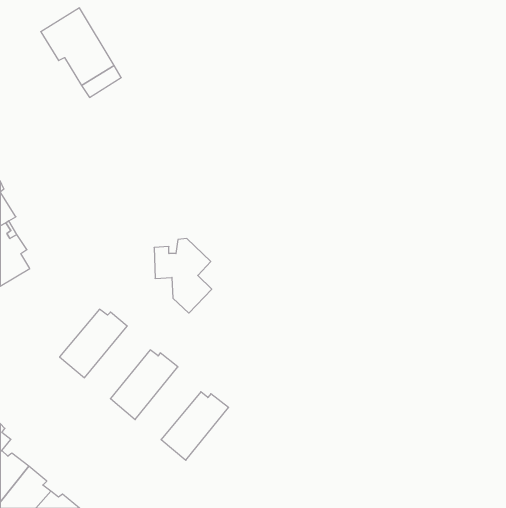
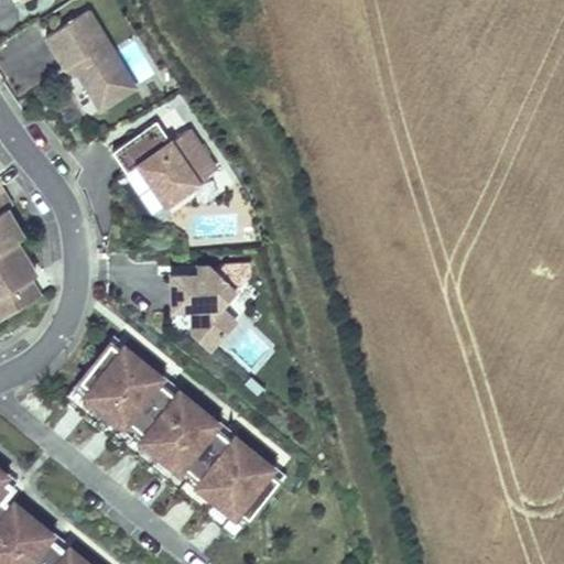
building: none -> [113,120,217,203]
building: none -> [96,361,169,442]
building: none -> [152,406,225,487]
building: none -> [208,452,281,533]

